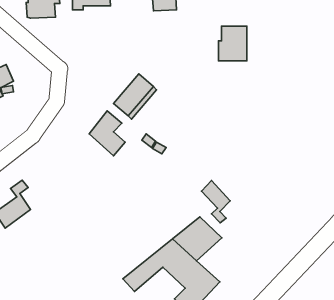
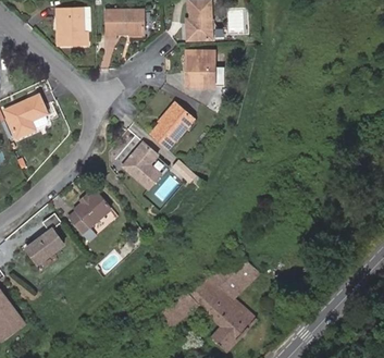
building: [218,26,247,61] -> [188,51,218,87]
building: none -> [70,192,110,233]
building: [201,181,230,223] -> none

